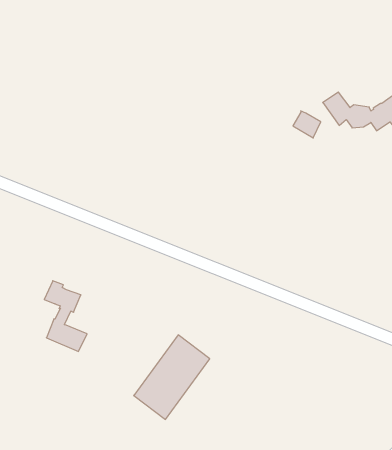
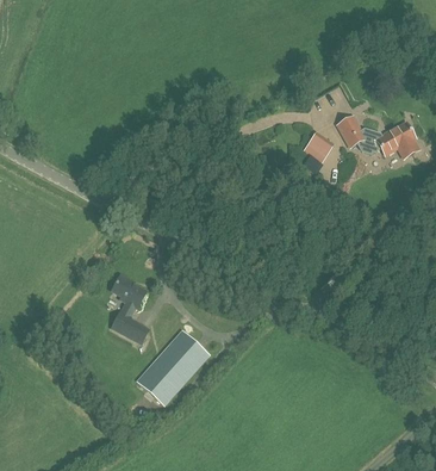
building: [44,281,87,351] -> [110,277,148,345]

